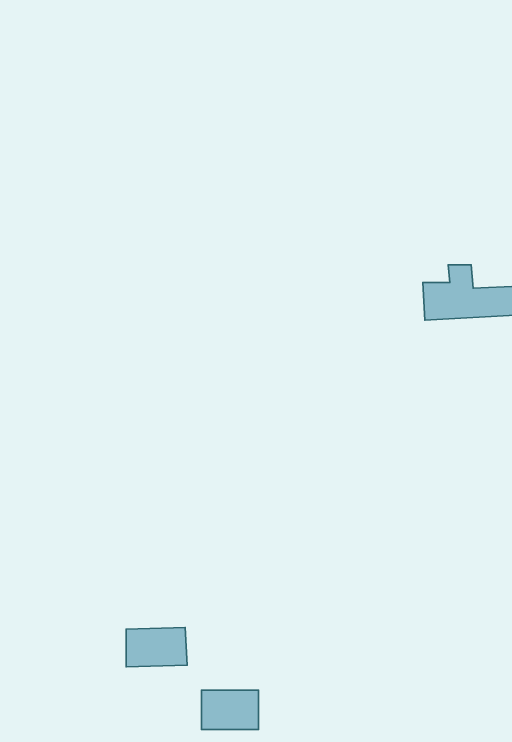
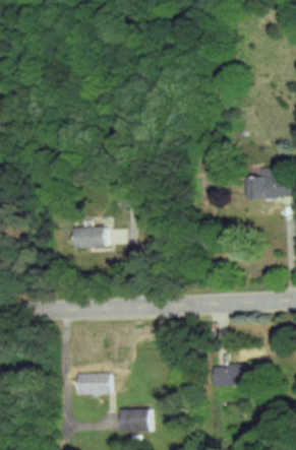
building: none -> [70,228,101,248]
building: none -> [213,365,249,387]

